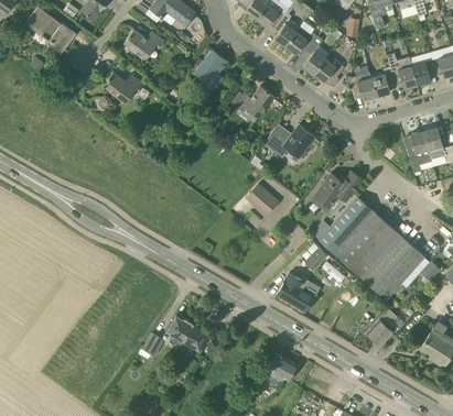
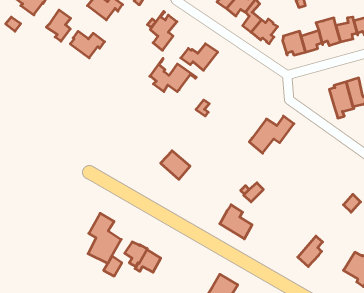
building: none -> [46,10,71,41]
building: [266,120,320,158] -> [150,58,196,92]
building: [246,184,280,217] -> [161,151,190,179]
building: [319,196,424,299] -> none
building: none -> [88,213,121,264]

